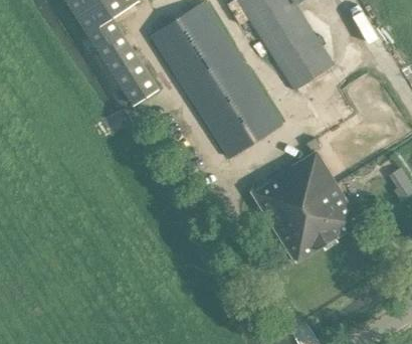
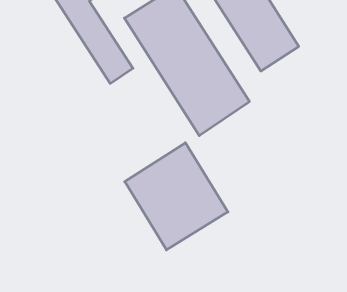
building: [251,149,361,263] -> [125,143,228,250]

